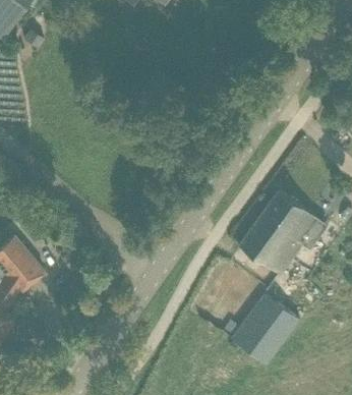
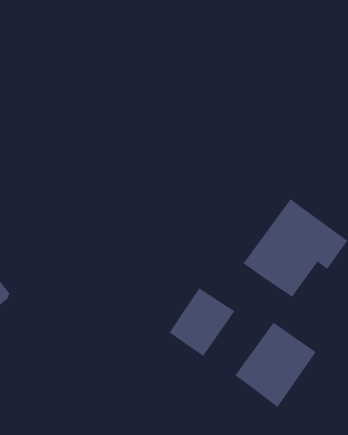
building: none -> [169,288,235,357]

